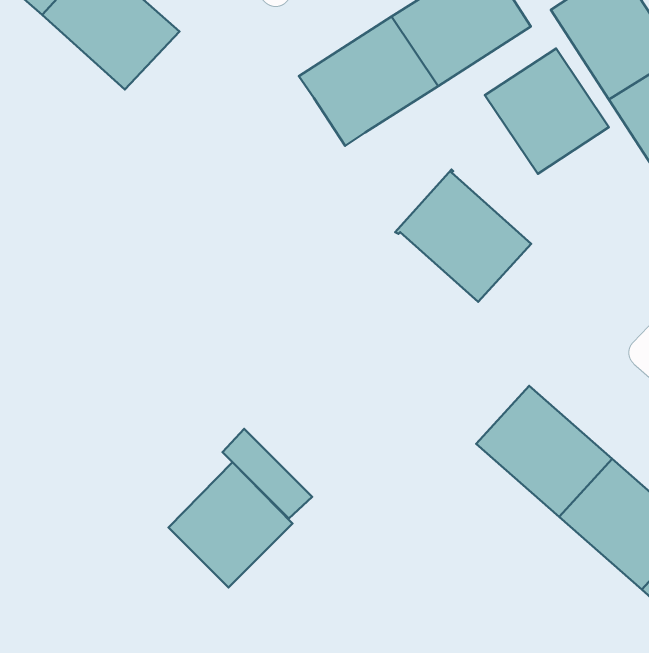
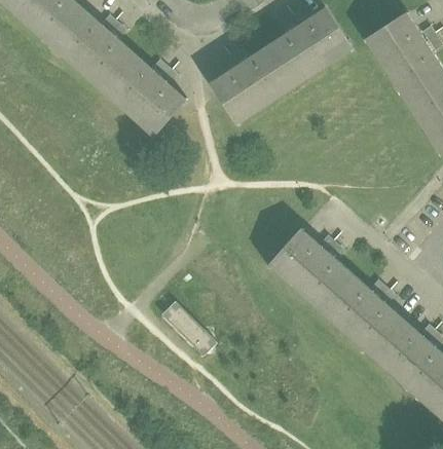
building: none -> [100,51,186,135]
building: [485,49,609,174] -> none
building: [395,169,531,302] -> [266,225,350,307]
building: [168,462,293,588] -> none

